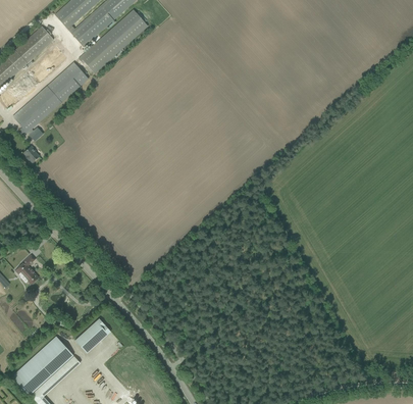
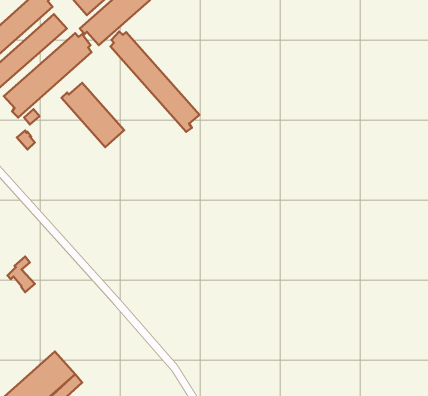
building: none -> [111,31,199,132]
building: none -> [62,83,124,147]
building: [76,318,112,352] -> none

